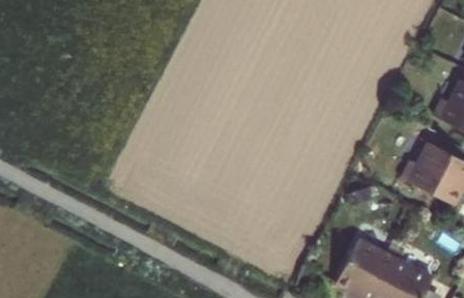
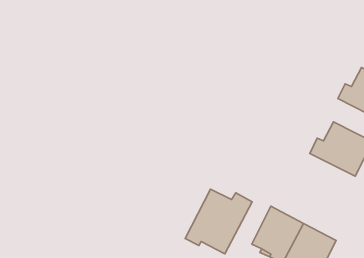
building: none -> [185,189,252,254]

